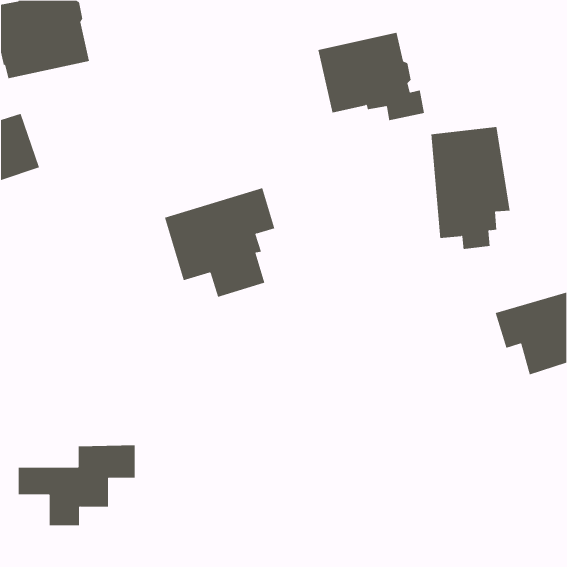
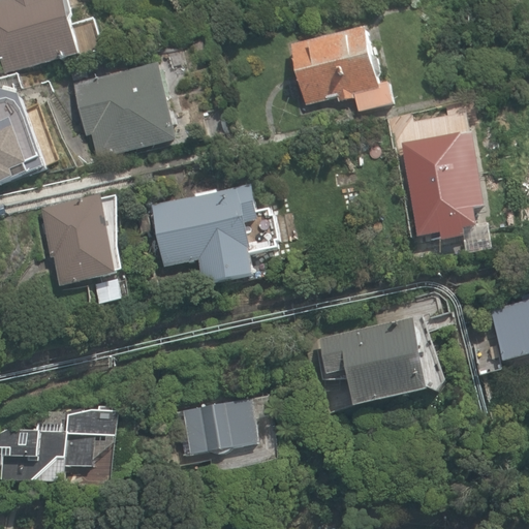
building: none -> [66,53,173,159]
building: none -> [40,193,111,287]
building: none -> [314,311,429,398]
building: none -> [188,406,268,464]

